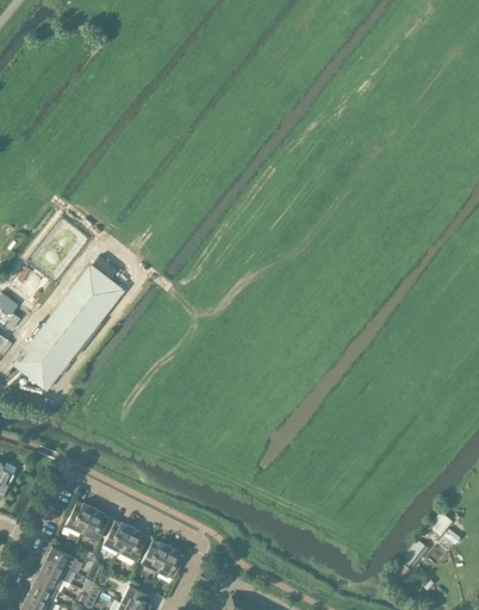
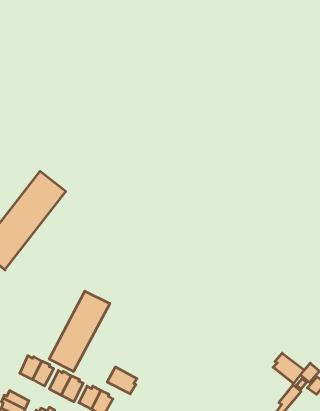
building: none -> [49,291,110,372]
building: none -> [273,353,304,383]
building: none -> [107,367,137,394]

